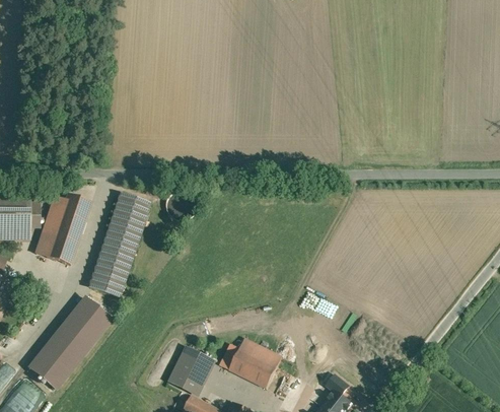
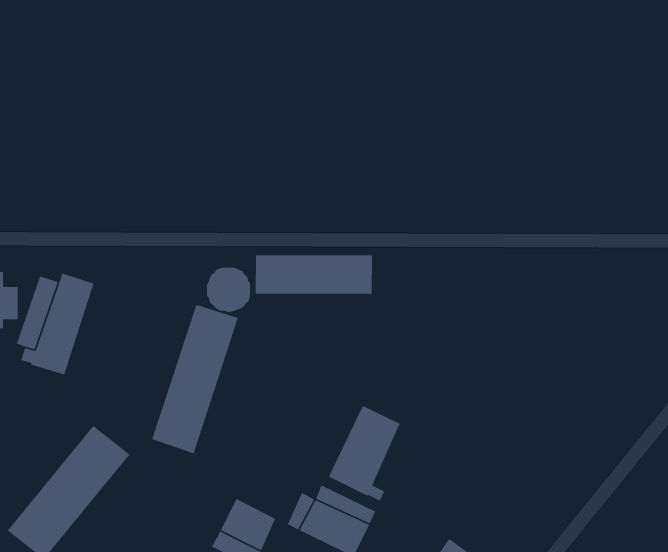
building: none -> [255,255,373,295]
building: [88,194,148,296] -> [151,304,239,454]
building: none -> [328,405,401,502]

